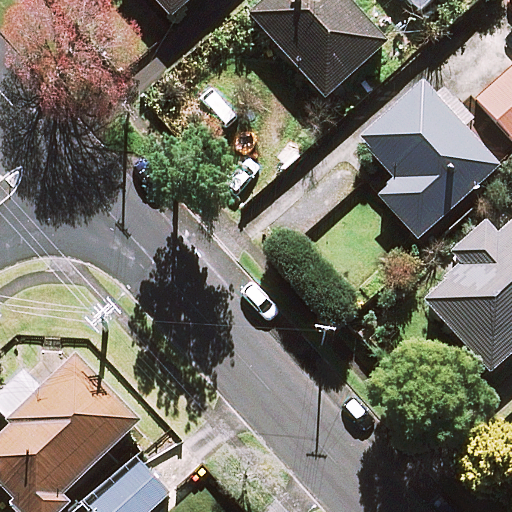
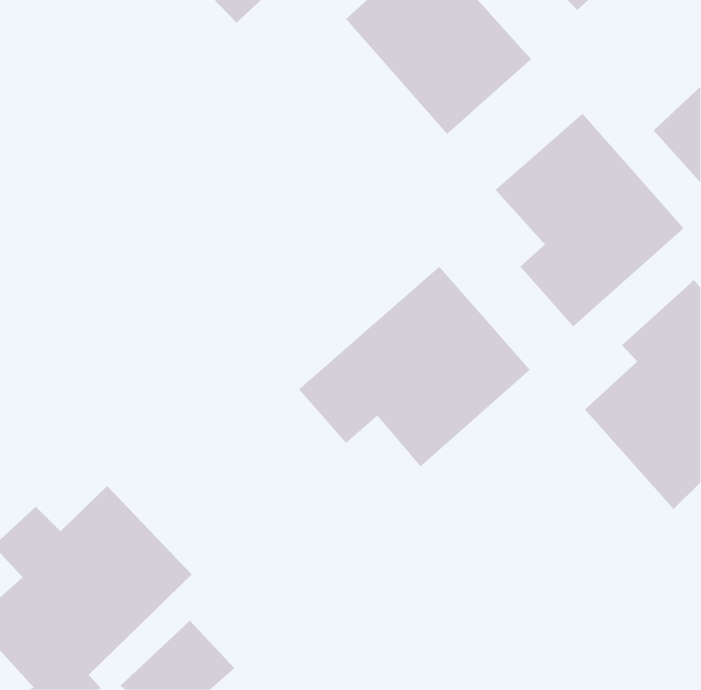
building: none -> [298,266,531,467]

